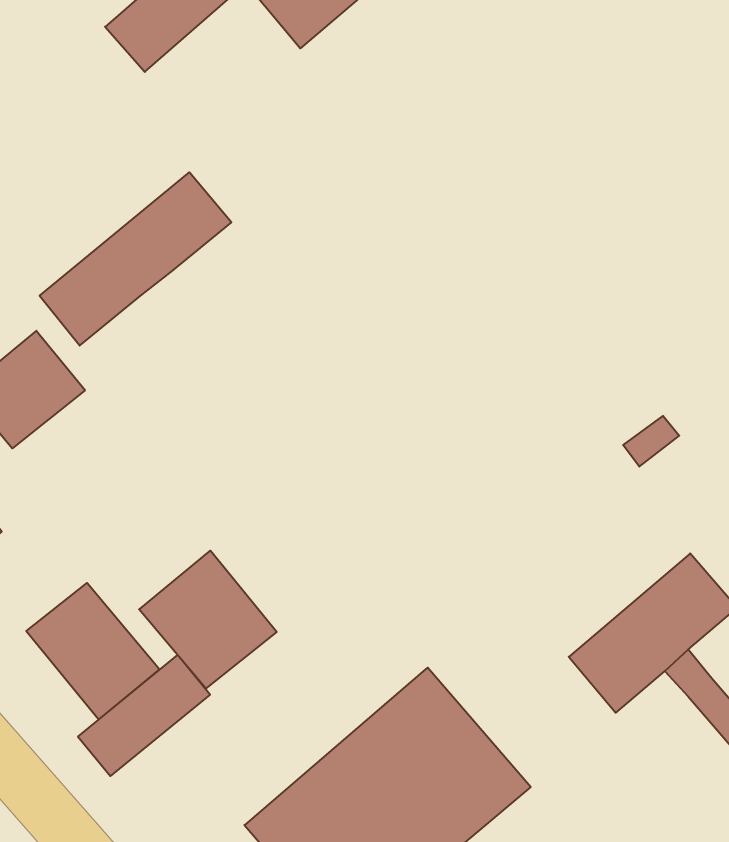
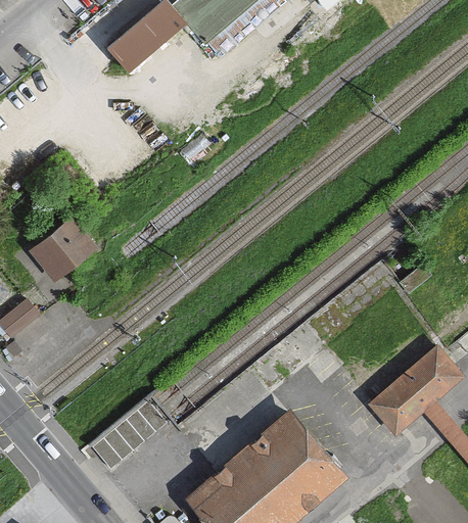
building: [40,172,231,346] -> none
building: [139,551,277,688] -> none
building: [26,583,159,719] -> none

